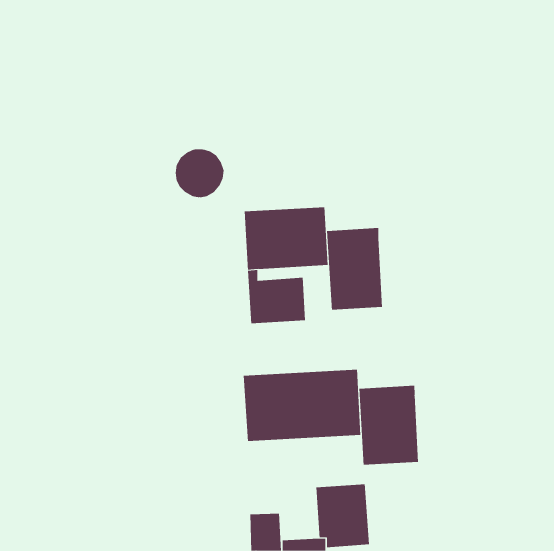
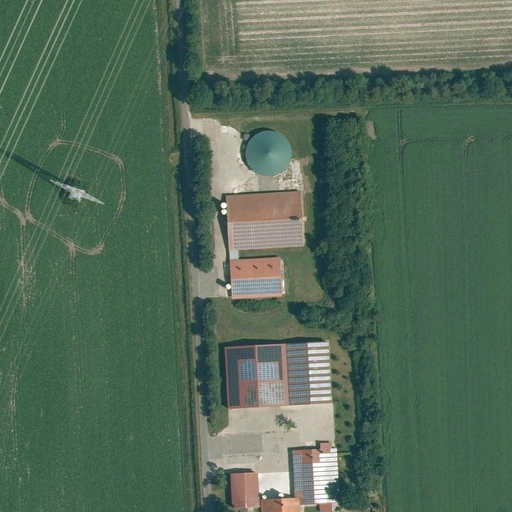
building: [175,149,225,198] -> [244,132,290,177]
building: [327,227,383,310] -> none
building: [359,385,418,465] -> none

